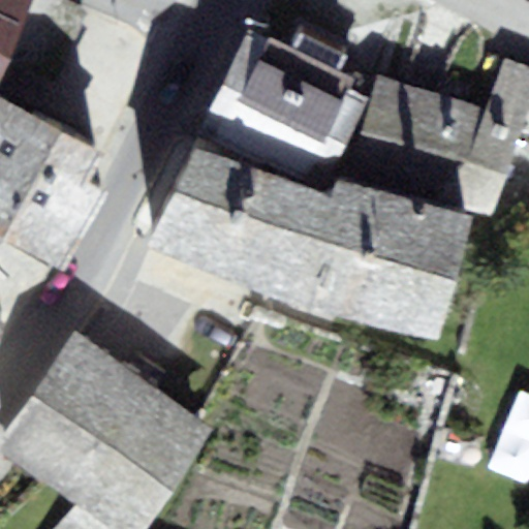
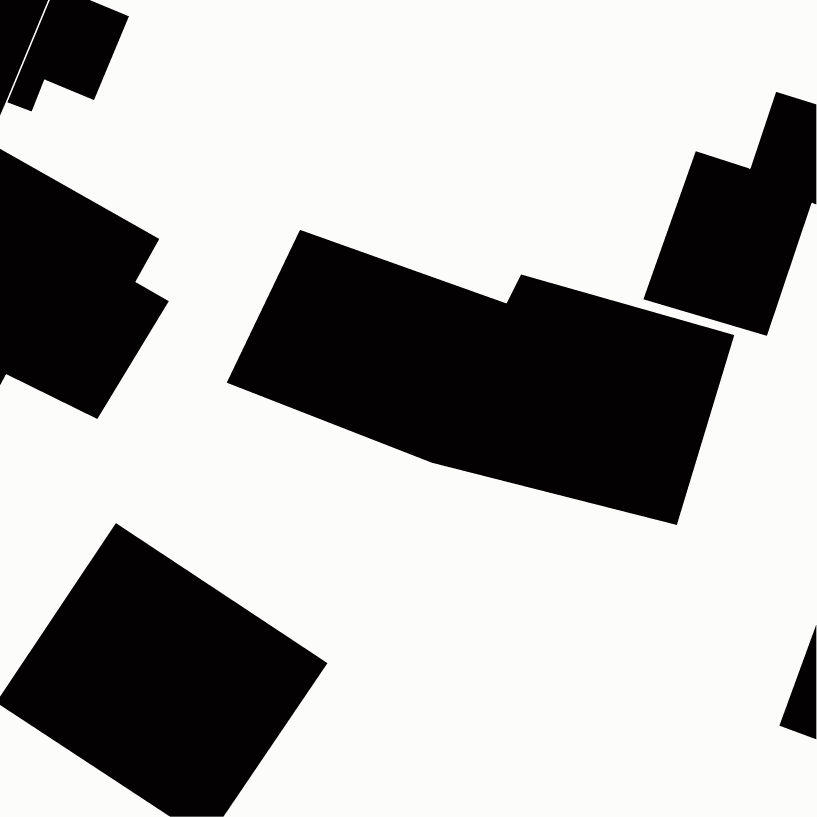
building: [198,28,366,188] -> none
building: [343,75,448,193] -> none

